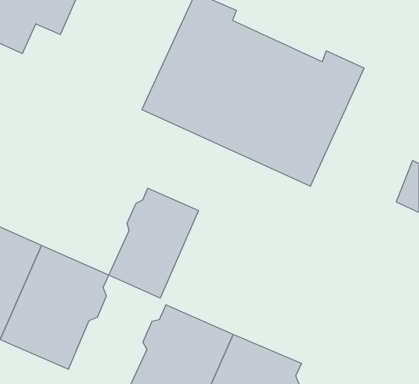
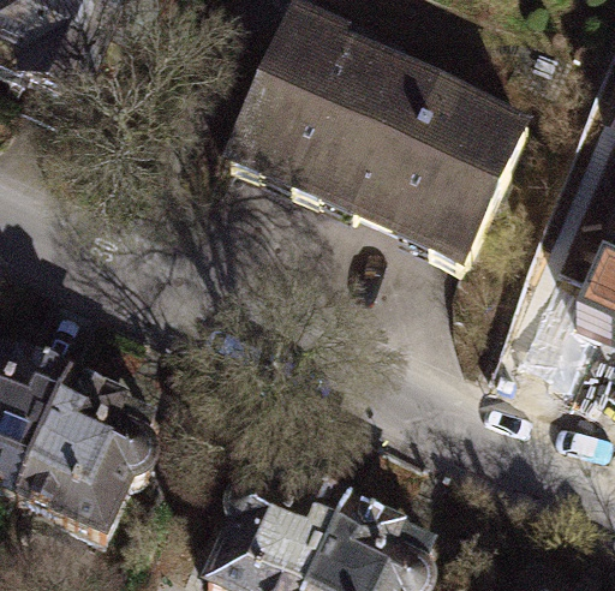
building: [109,188,199,298] -> none

